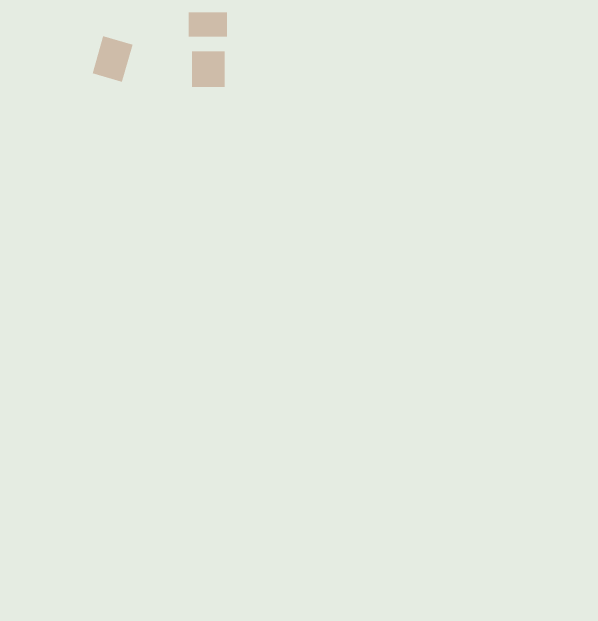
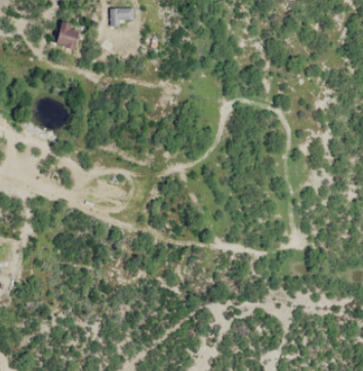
building: [191,50,225,88] -> none

